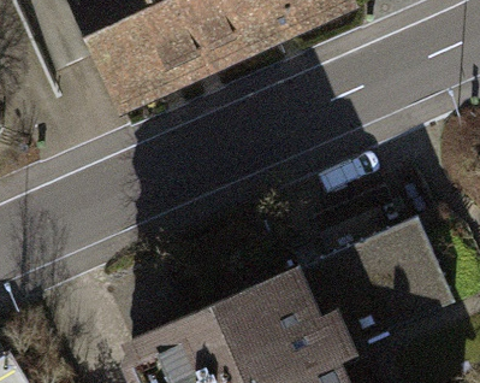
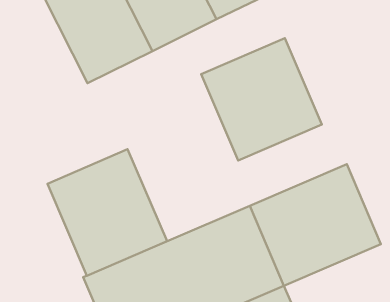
building: none -> [201,38,322,160]
building: none -> [47,149,167,276]

